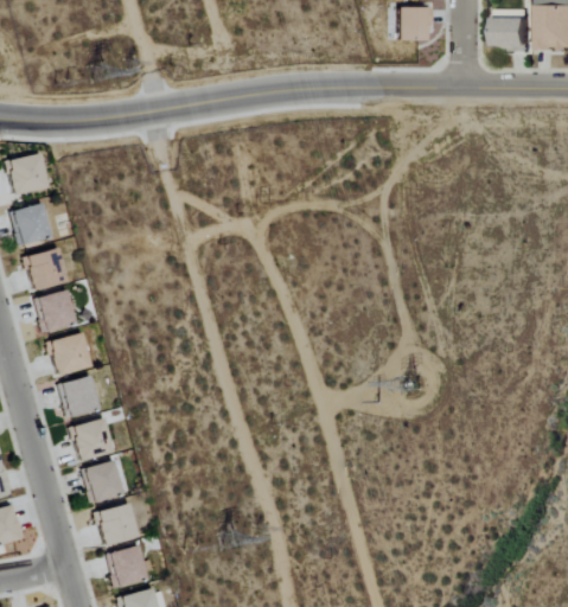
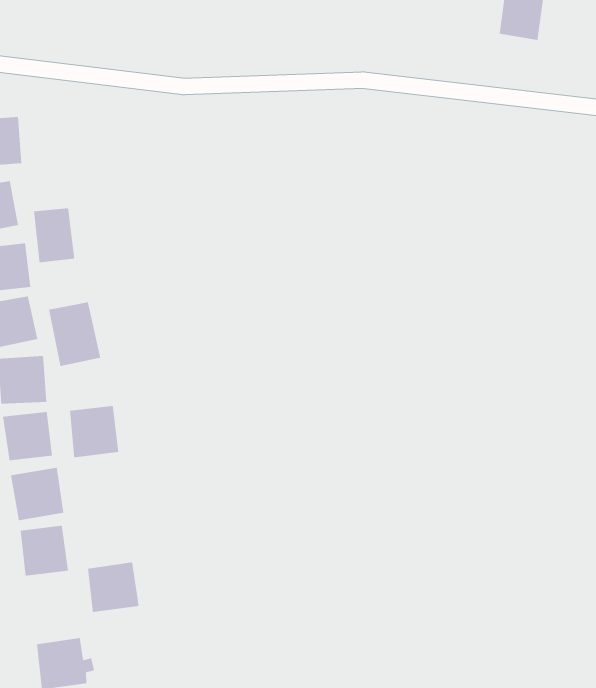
building: none -> [34,207,75,263]
building: none -> [49,302,101,367]
building: none -> [70,405,119,458]
building: [96,504,140,547] -> [87,562,140,613]

